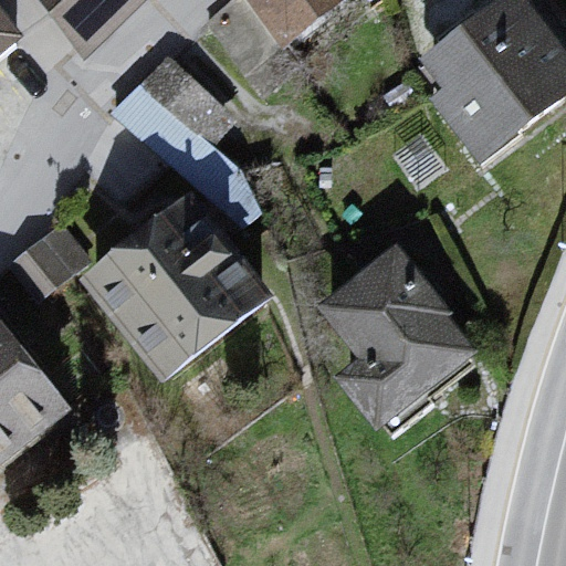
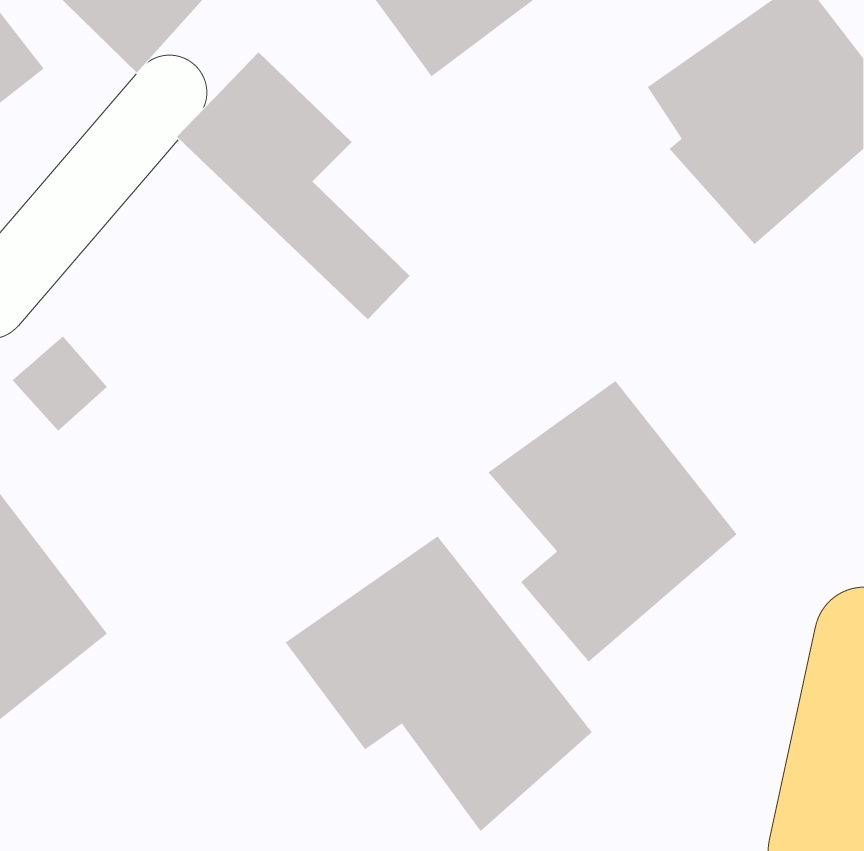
building: [78,202,269,386] -> none
building: none -> [285,535,592,832]

